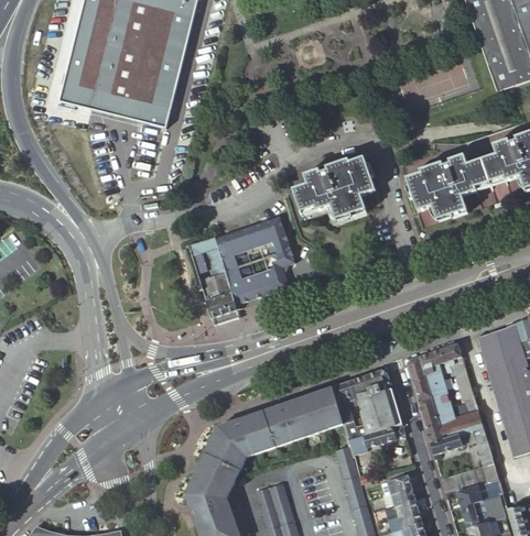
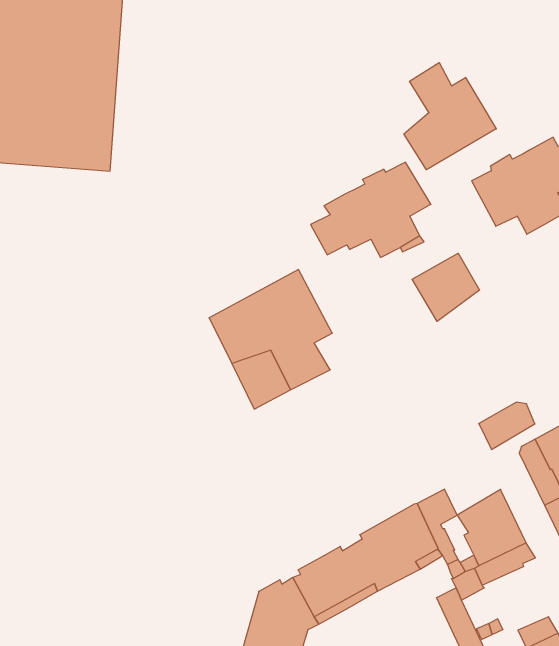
building: none -> [404,63,496,170]
building: none -> [412,253,480,321]
building: [198,238,237,318] -> none
building: [353,369,390,397] -> [479,402,535,449]

